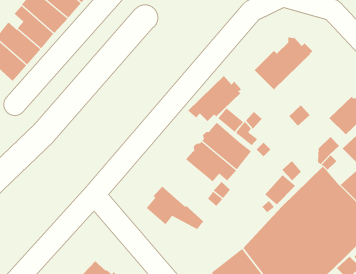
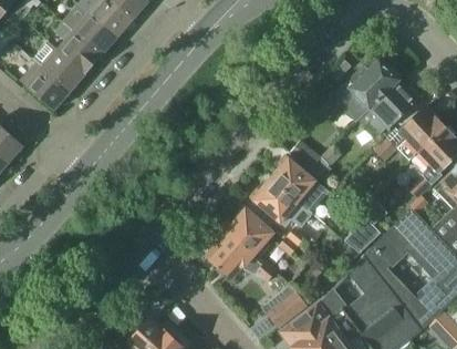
building: [187,75,242,122] -> [356,79,419,133]
building: none -> [398,106,445,153]
building: none -> [226,209,271,255]
building: none -> [267,292,305,328]

